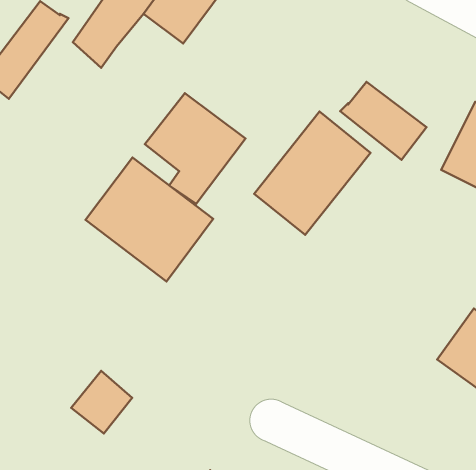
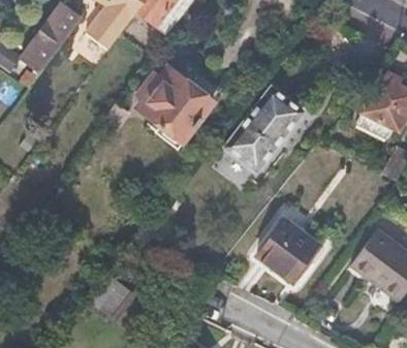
building: [340,82,426,160] -> none
building: [85,157,213,281] -> none
building: none -> [254,219,314,280]

